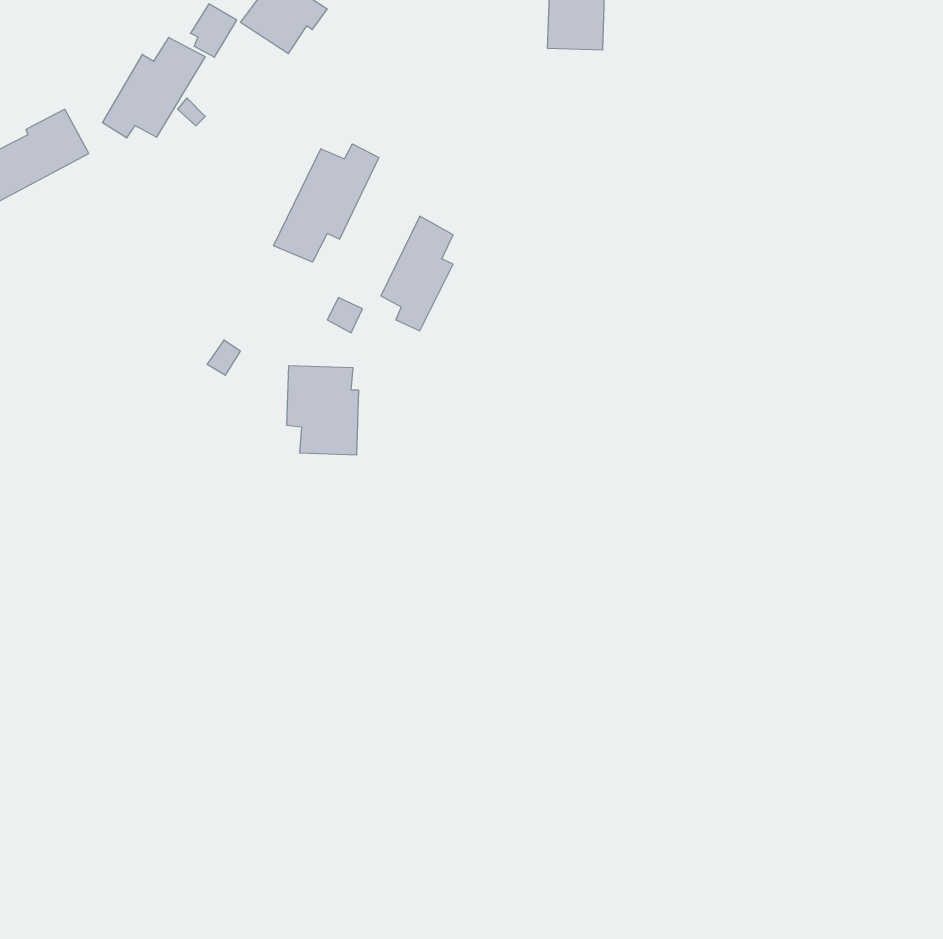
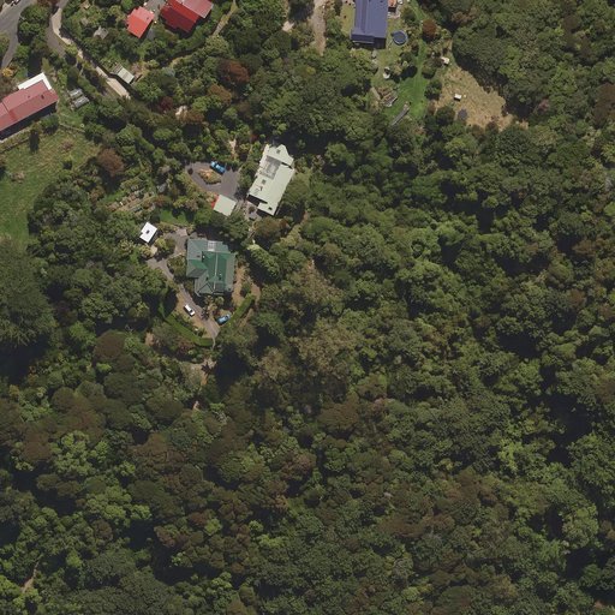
building: [102,37,205,138] -> none
building: [273,144,379,262] -> none

